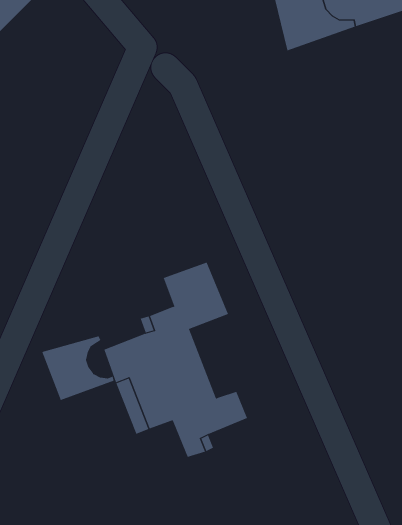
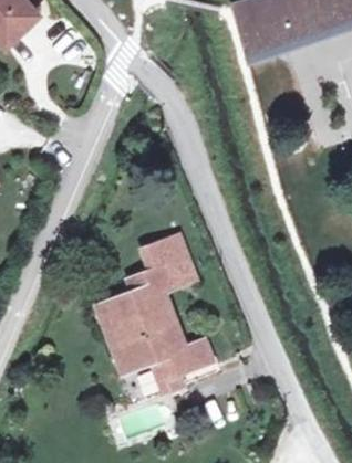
building: [41,336,114,401] -> none

